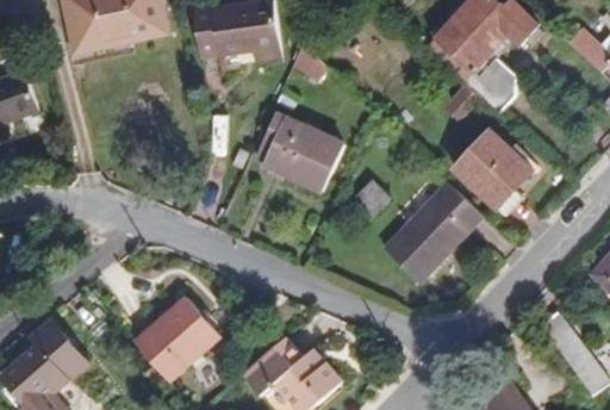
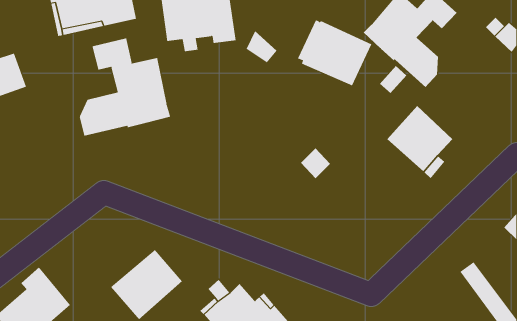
building: none -> [79,37,171,136]
building: [256,114,343,192] -> [297,19,372,86]
building: [382,181,483,282] -> none

